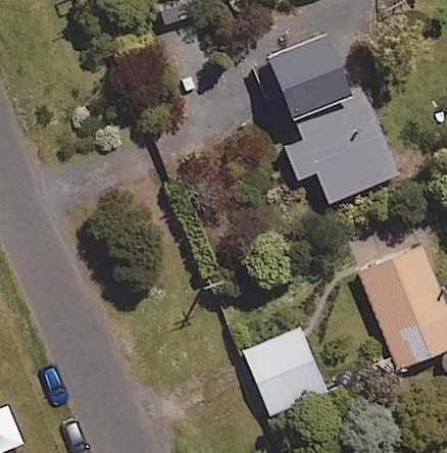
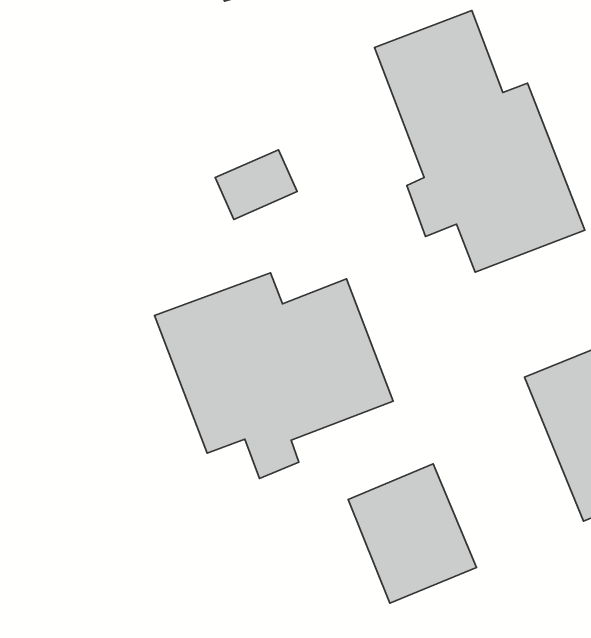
building: none -> [155,273,393,478]

